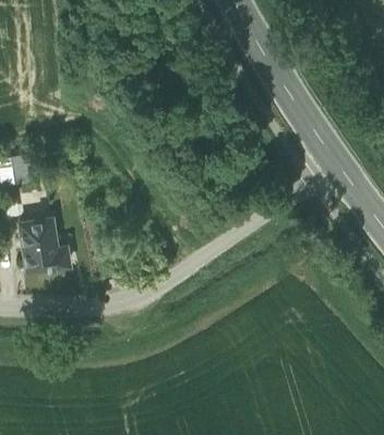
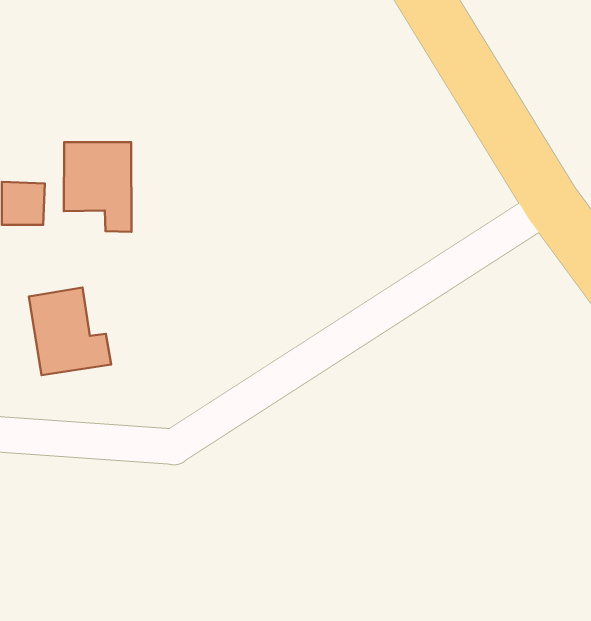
building: none -> [64,142,131,232]

